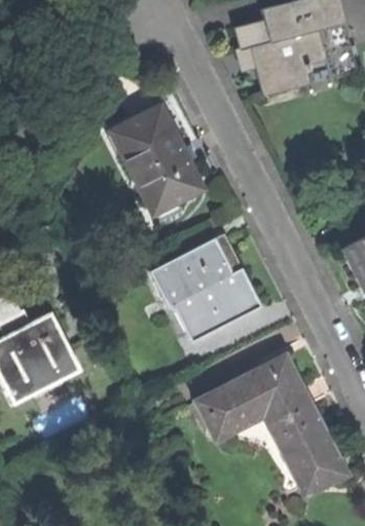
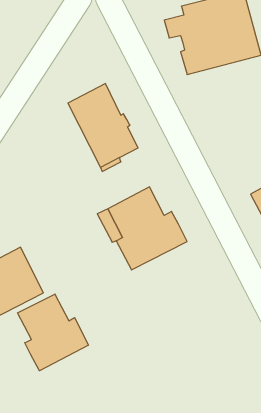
building: [196,354,348,495] -> none
building: none -> [18,294,88,371]

